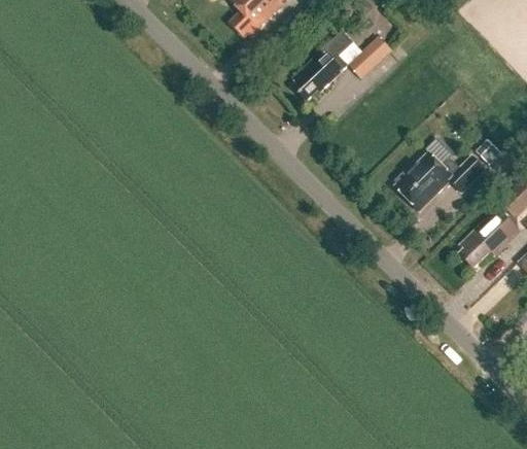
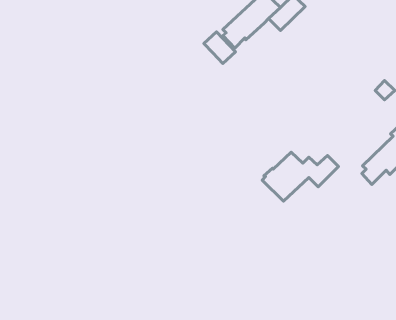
building: none -> [204,32,235,64]
building: [393,151,486,211] -> [262,152,338,201]

